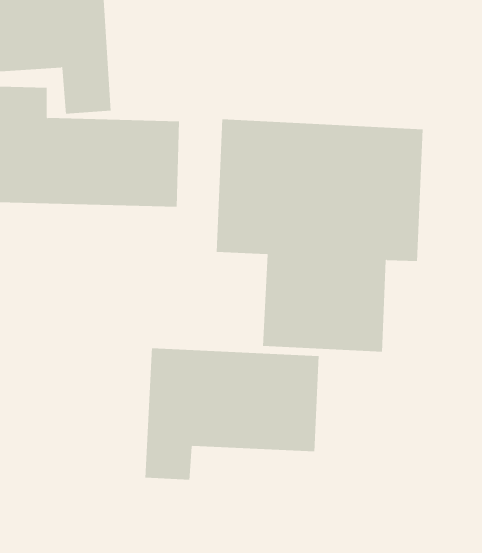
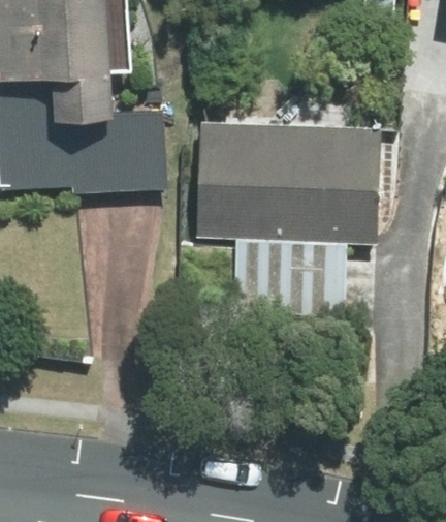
building: [145,348,319,480] -> none

